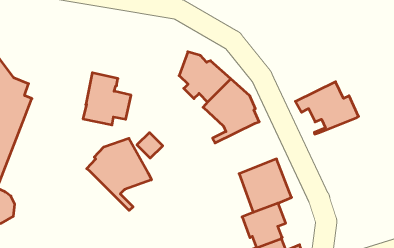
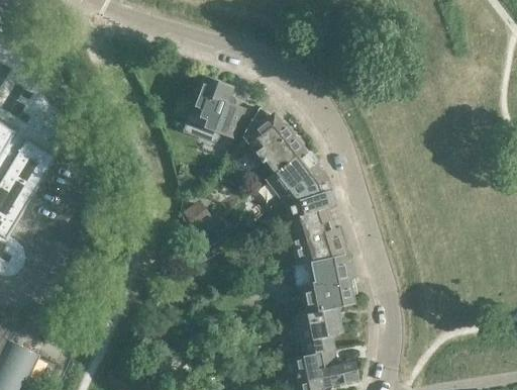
building: [83,73,131,125] -> [184,77,245,142]
building: [295,82,359,134] -> [276,209,347,267]
building: [87,138,151,210] -> none

